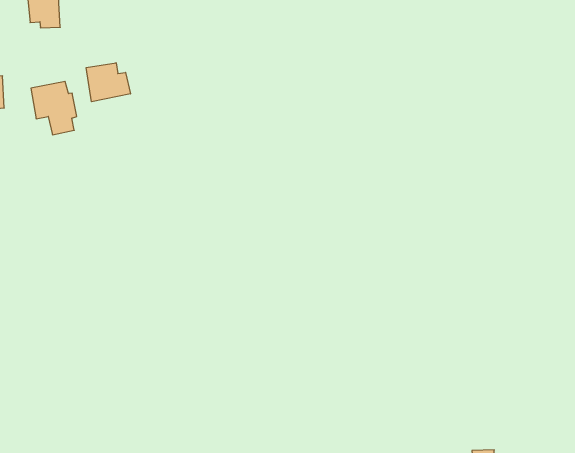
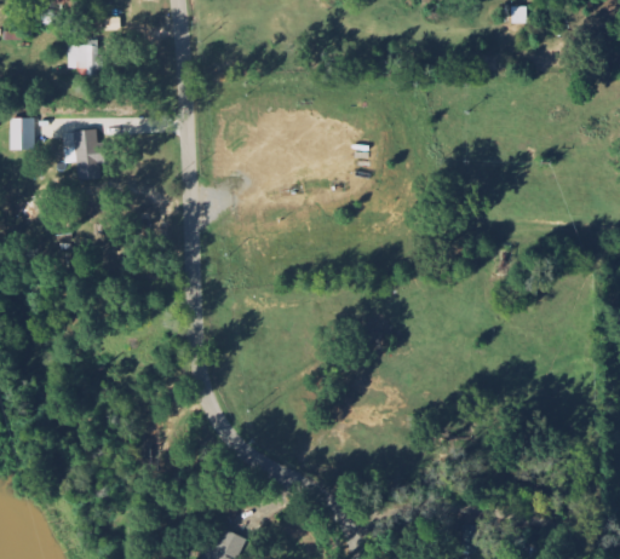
building: [86,63,130,102] -> none

